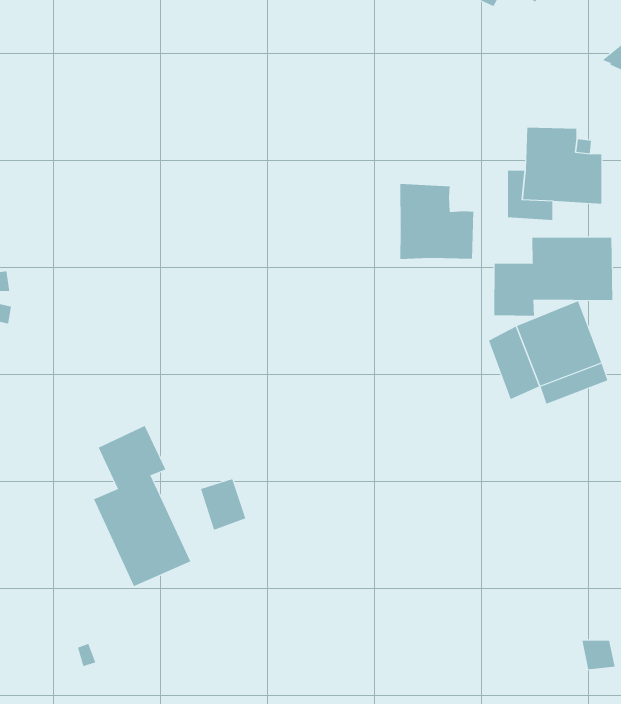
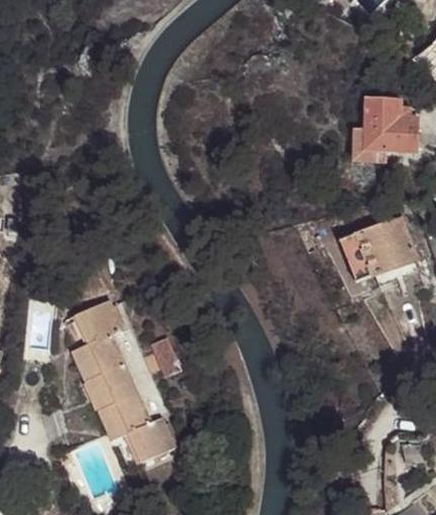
building: [400,183,474,260] -> none
building: [494,237,613,316] -> none
building: none -> [99,393,174,462]

